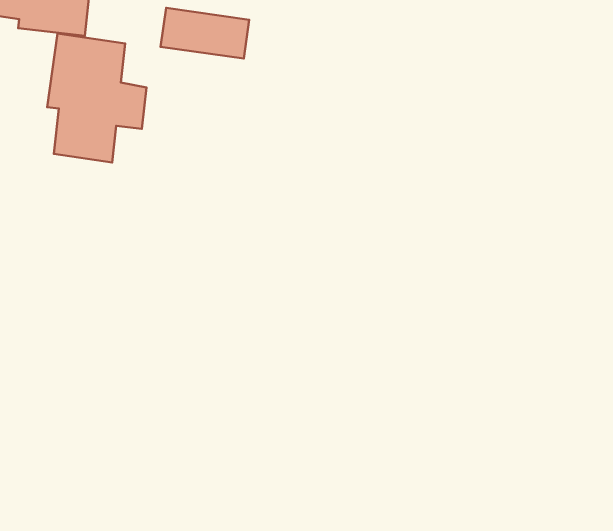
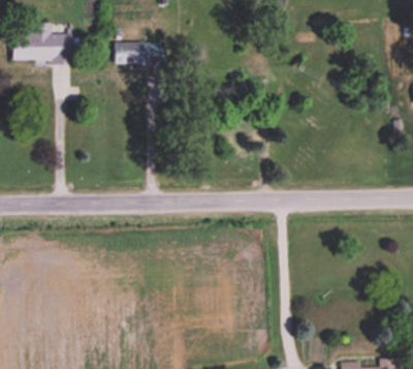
building: [47,34,146,163] -> none

